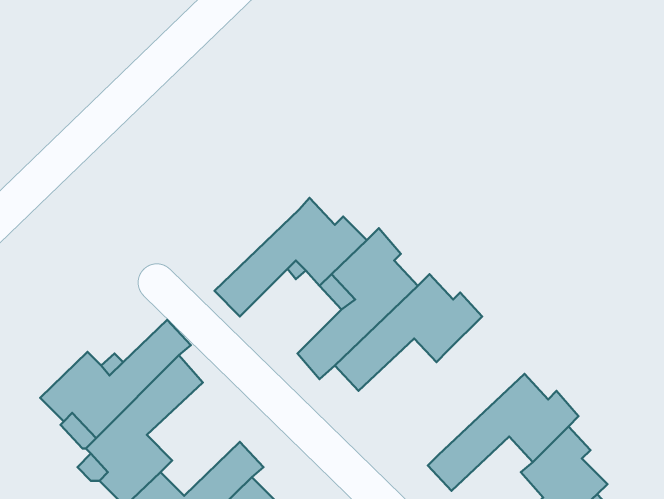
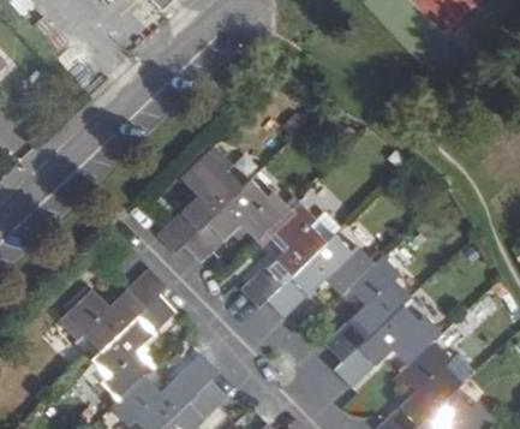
building: none -> [157,148,243,252]
building: none -> [325,255,410,362]

